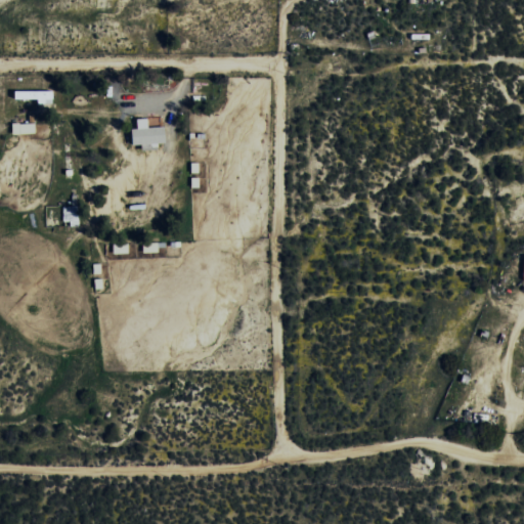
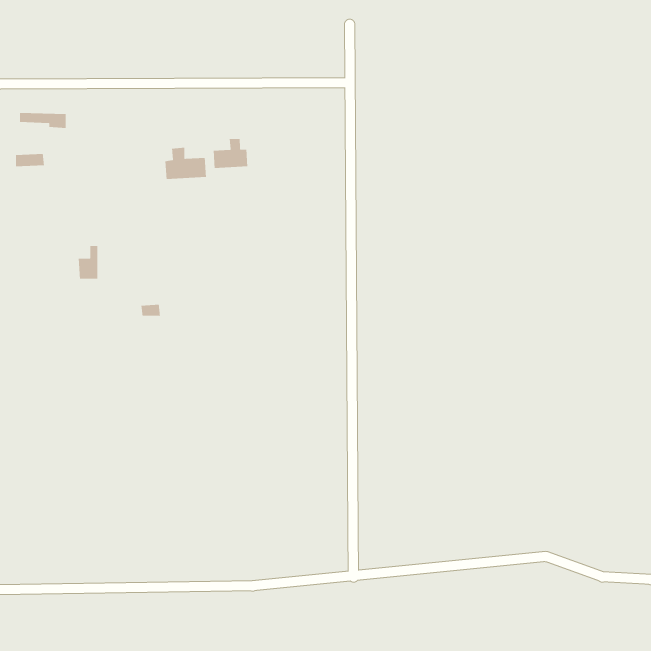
building: none -> [213,138,248,169]

